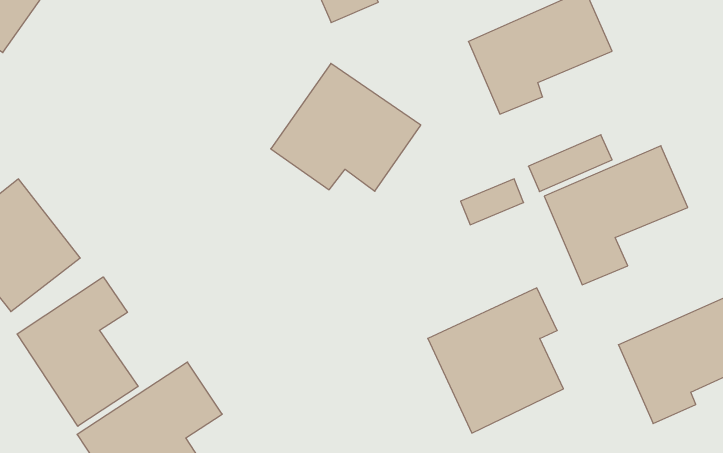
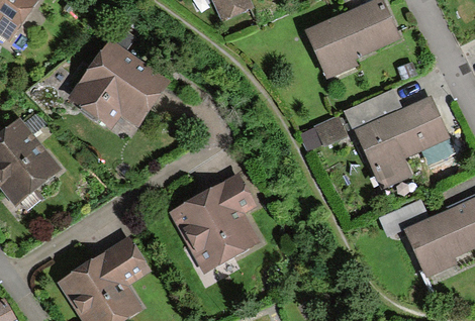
building: [271,63,421,191] -> [72,42,168,124]
building: [17,277,138,426] -> none
building: [428,288,563,433] -> [171,178,258,271]

